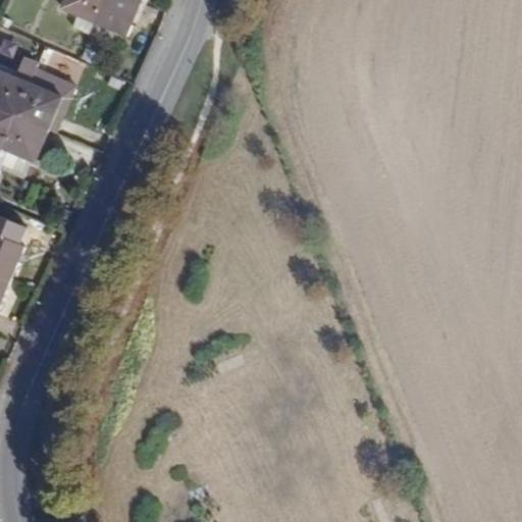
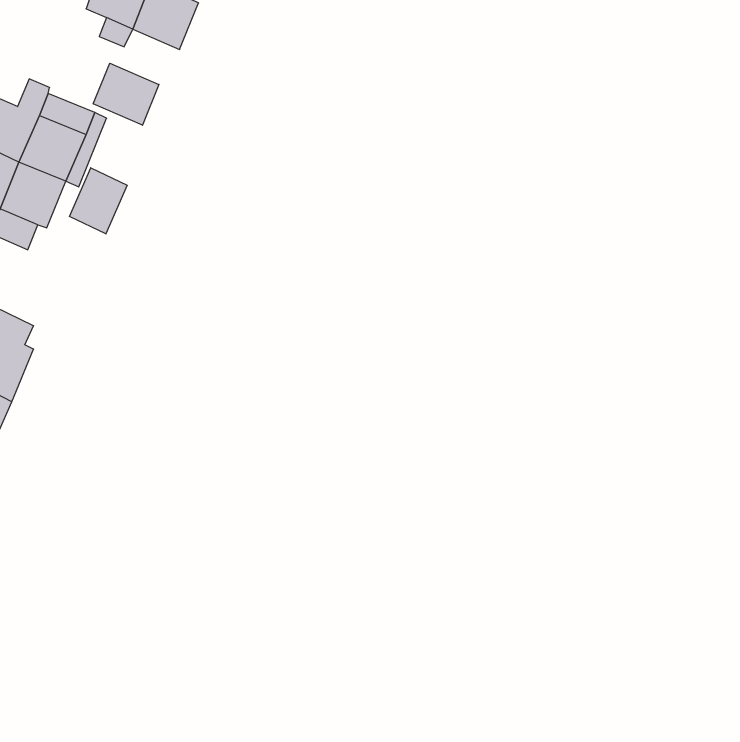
building: none -> [93,63,159,125]
building: none -> [69,168,127,234]

